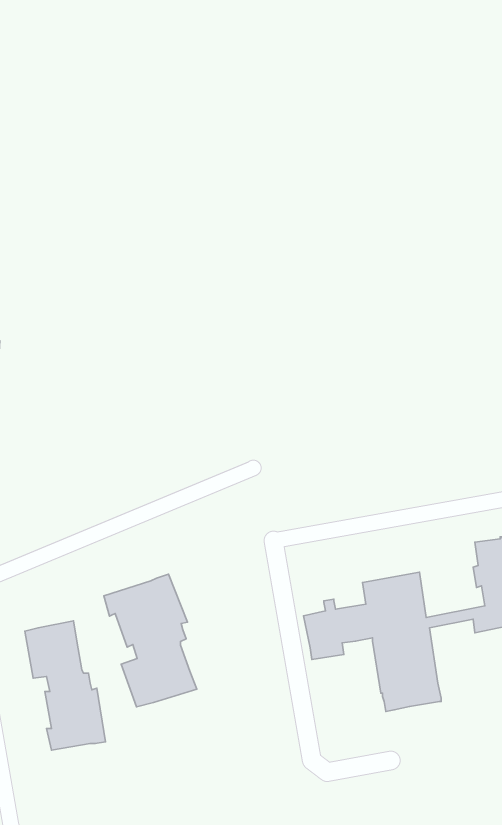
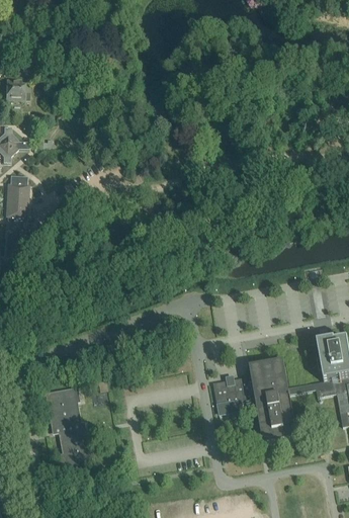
building: [104,574,197,707] -> none

